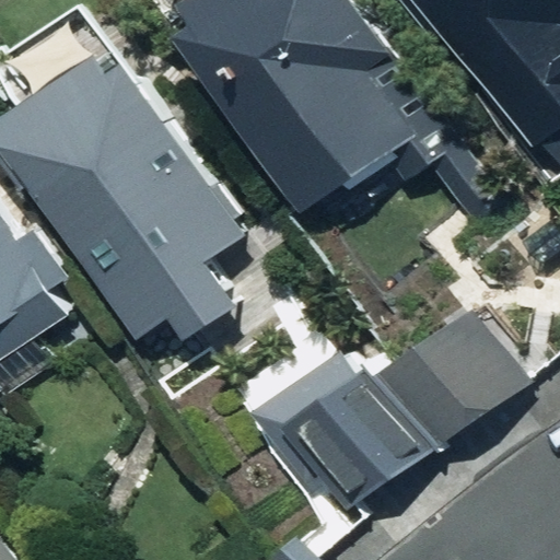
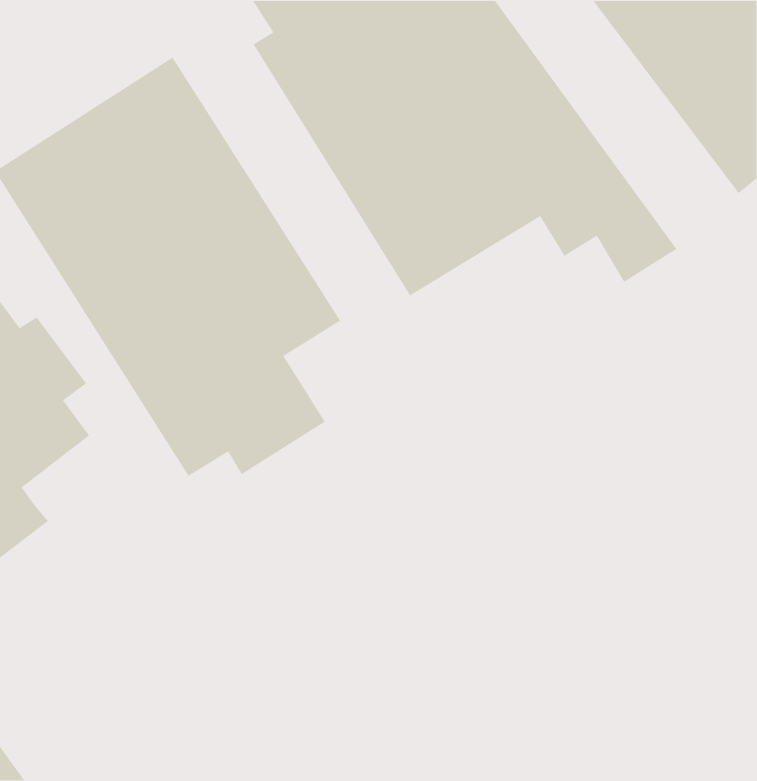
building: [400,305,529,436] -> none
building: [244,349,422,532] -> none

